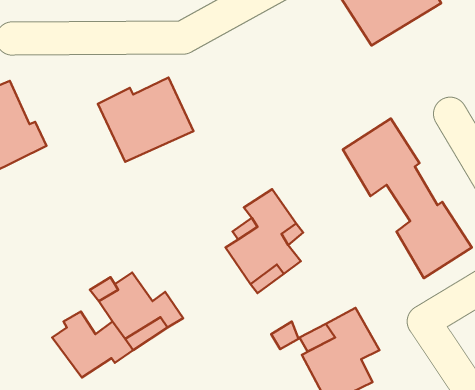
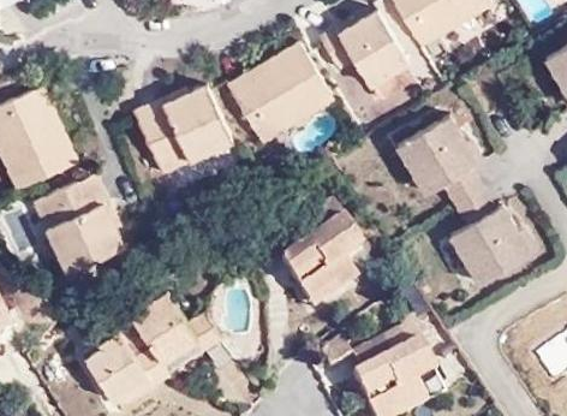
building: none -> [321,14,408,88]
building: none -> [233,47,333,144]
building: none -> [35,172,124,272]

